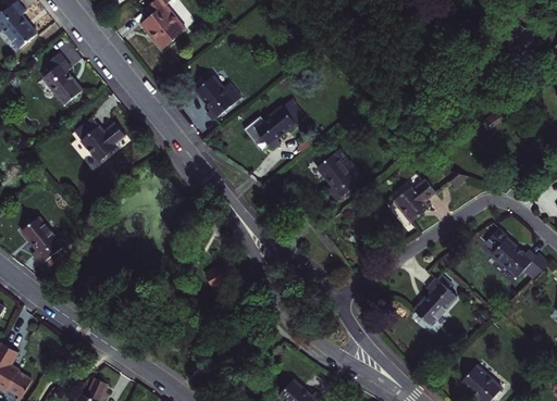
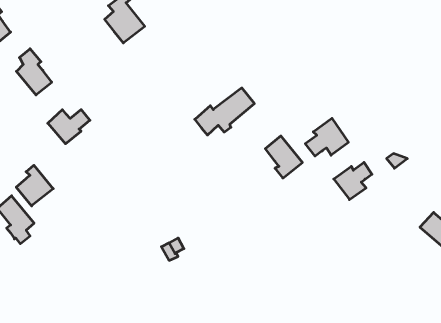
building: [194,76,239,121] -> none
building: none -> [305,118,348,156]
building: none -> [16,165,53,206]
building: [413,274,456,325] -> none

